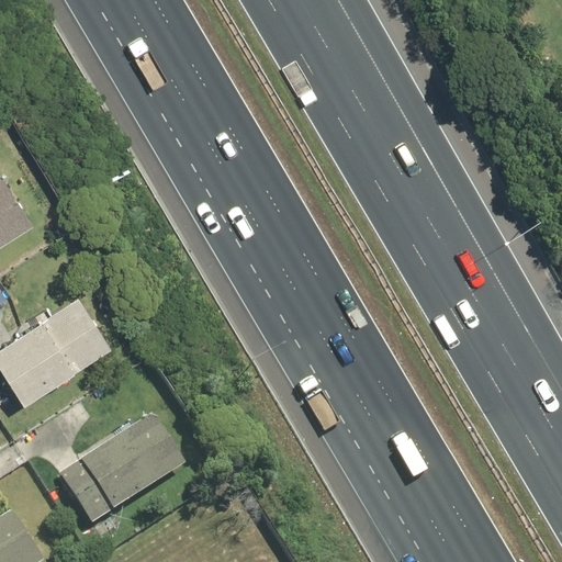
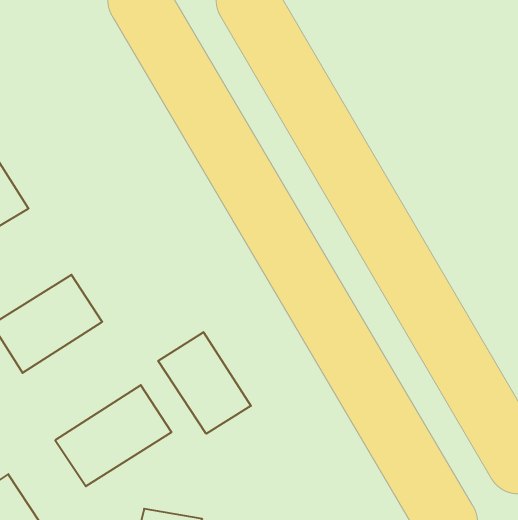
building: none -> [158,332,251,434]

